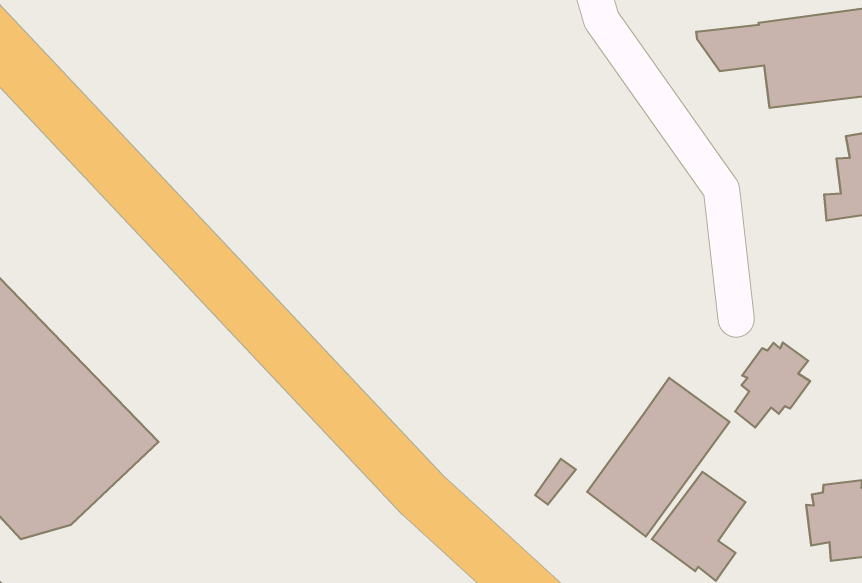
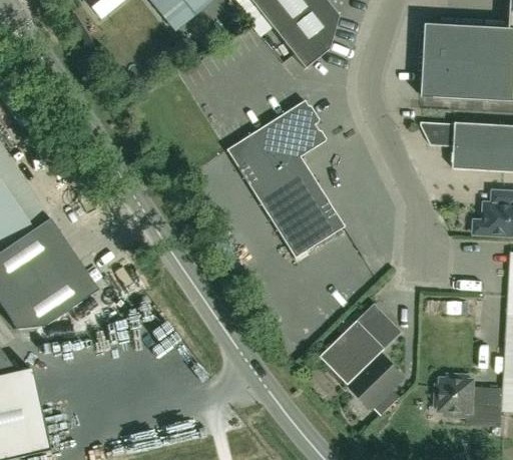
building: none -> [225,98,344,257]
building: [735,342,810,428] -> none

